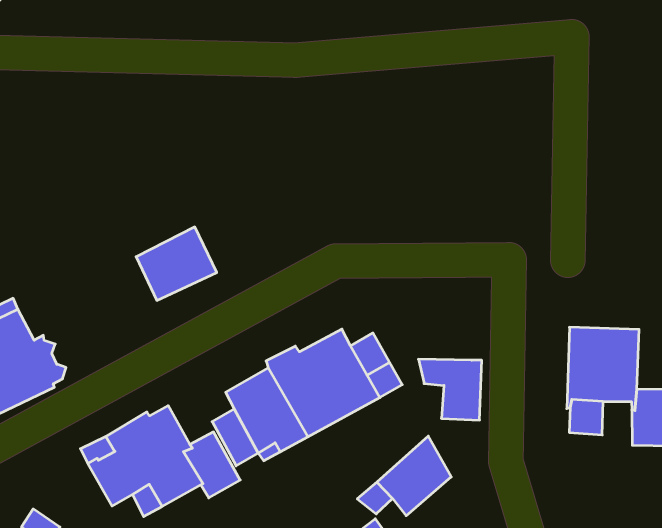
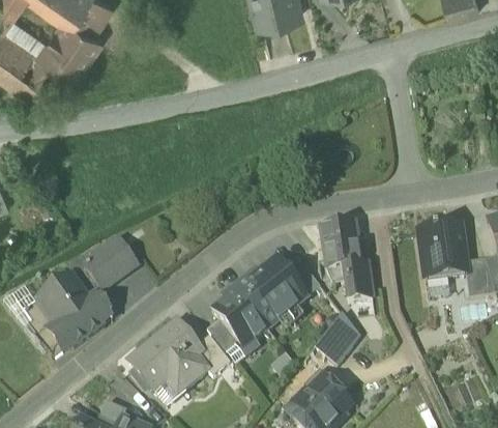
building: [136,227,217,300] -> [85,240,137,290]
building: none -> [322,223,360,267]

